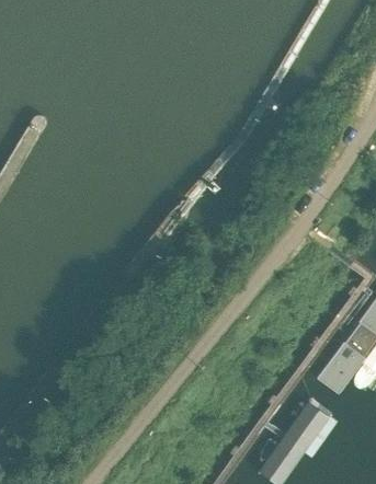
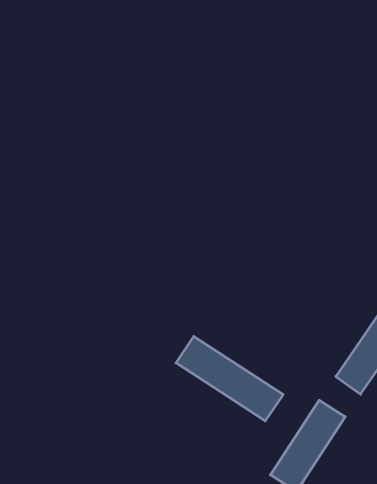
building: none -> [176,336,283,421]

